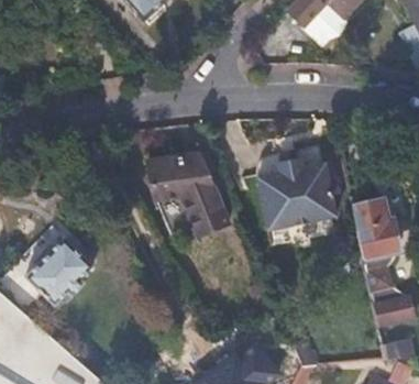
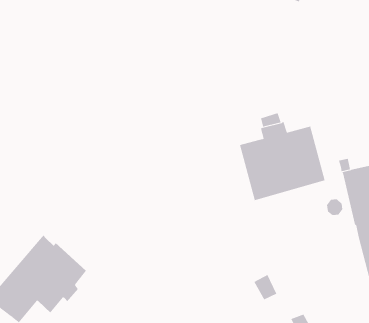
building: [152,155,225,239] -> none

